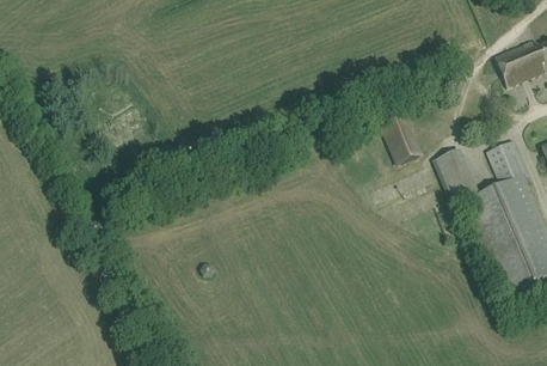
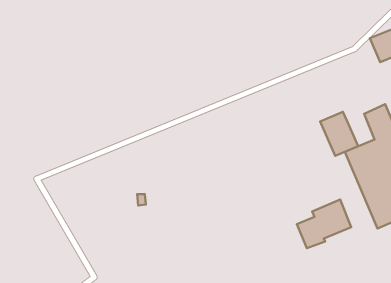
building: [380,118,423,166] -> none
building: none -> [297,200,351,248]

